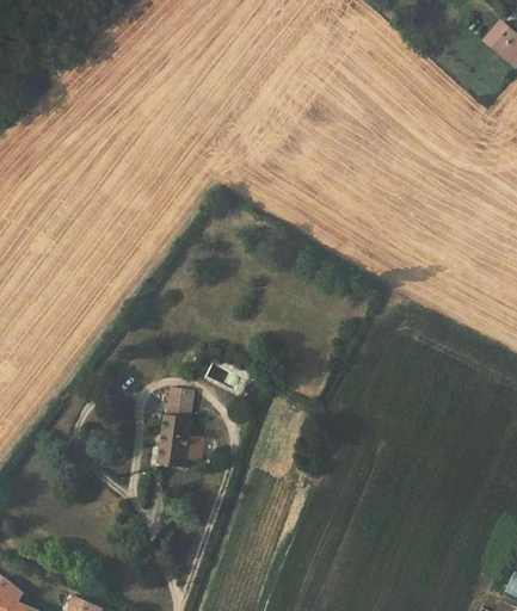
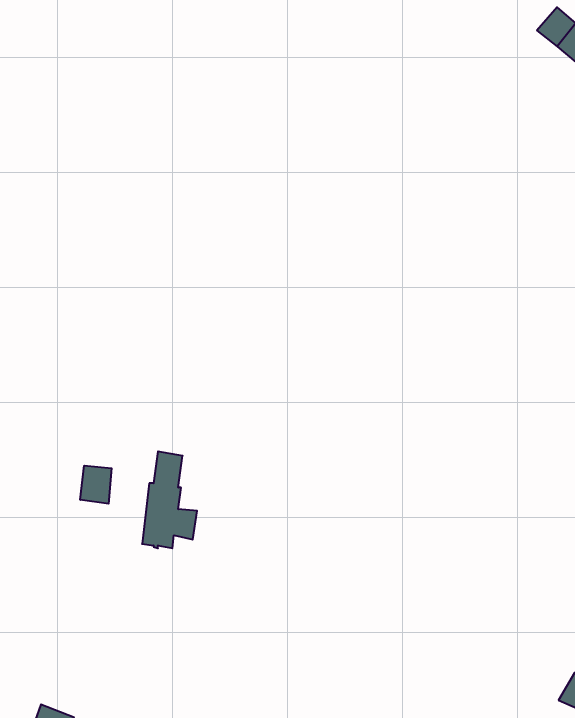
building: none -> [80,466,112,504]

